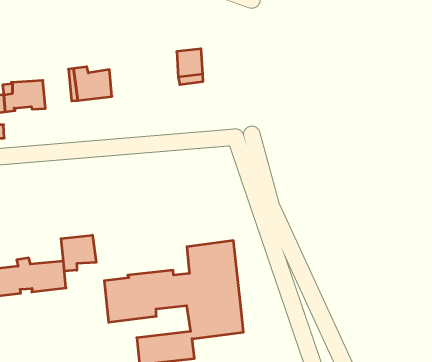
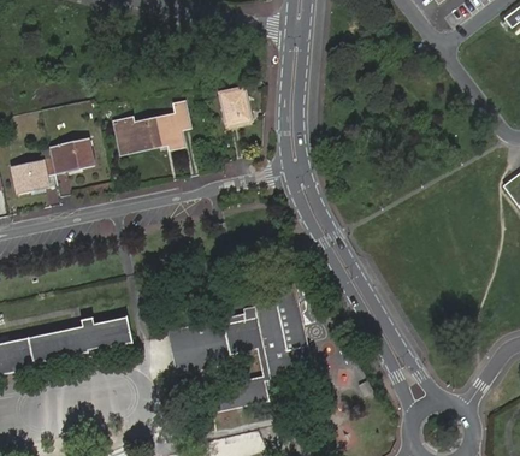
building: none -> [149,101,184,148]
building: [61,235,96,271] -> none

